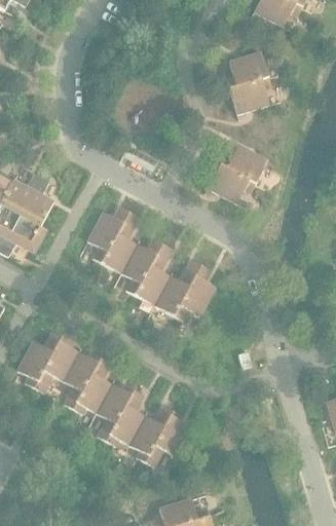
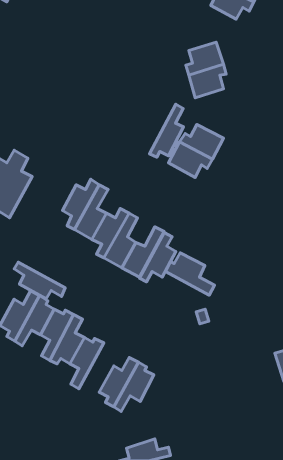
building: none -> [150,104,184,157]
building: none -> [165,253,214,295]
building: none -> [14,262,65,299]
building: [106,389,145,445] -> none

